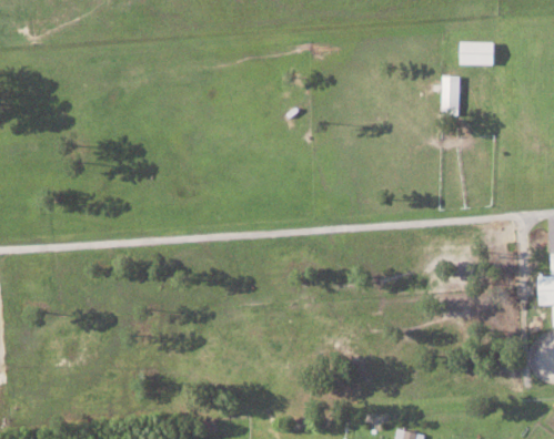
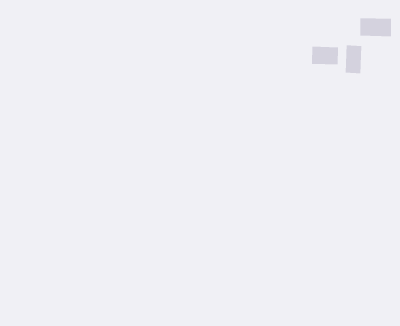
building: none -> [311,46,338,65]

